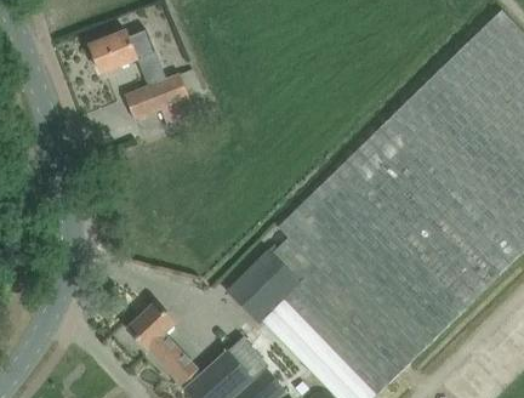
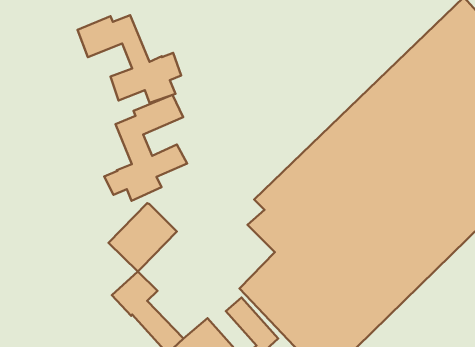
building: none -> [104,95,187,201]
building: [228,250,301,323] -> [108,203,177,271]

